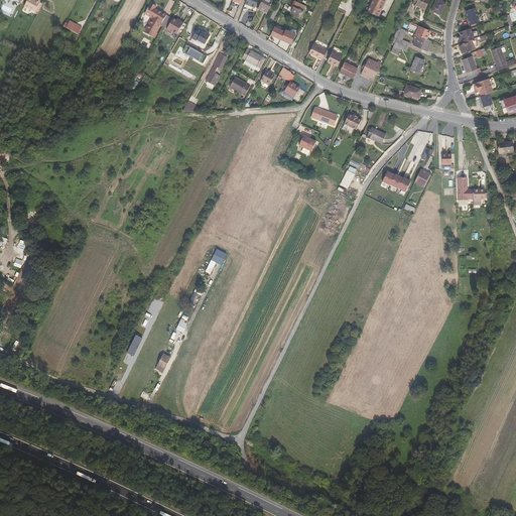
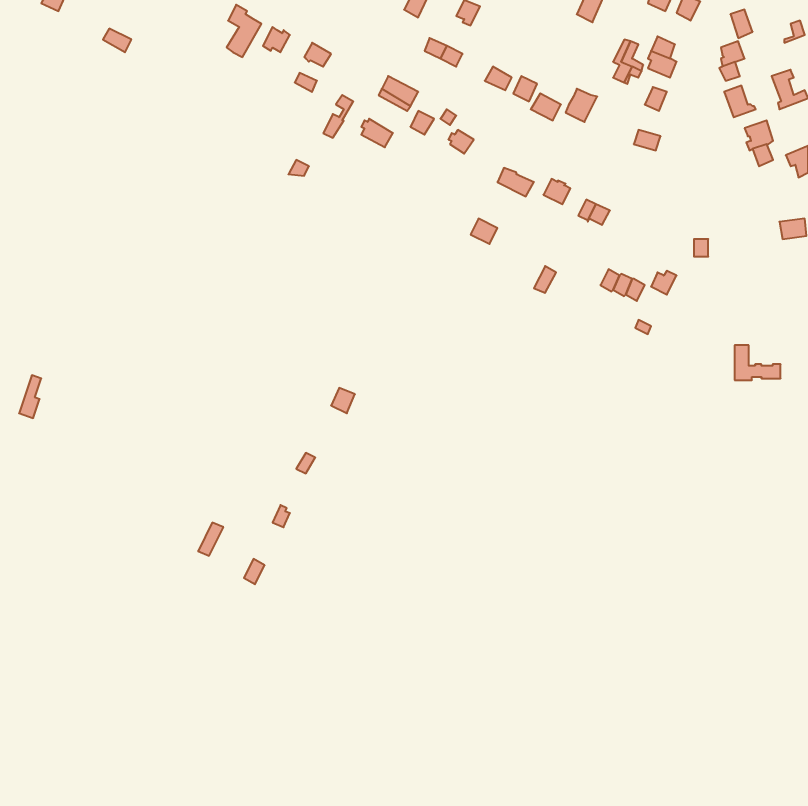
building: [457,176,486,199] -> [735,345,781,380]

